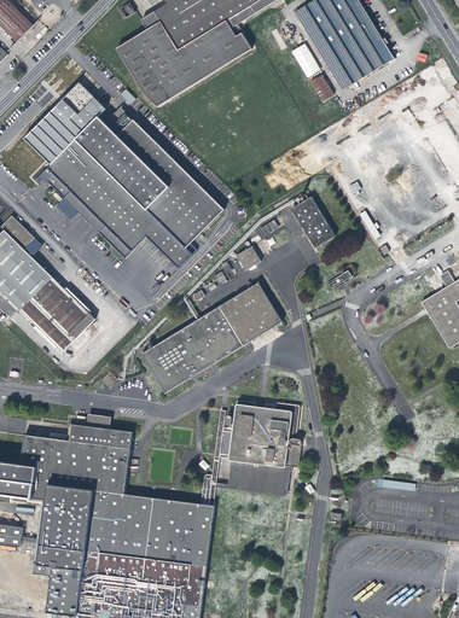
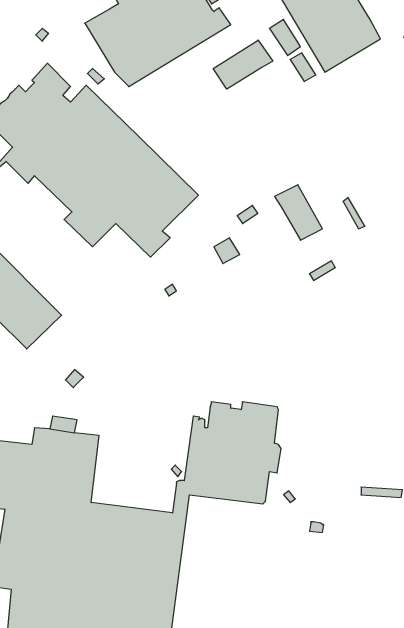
building: none -> [213,40,273,89]
building: [140,284,281,391] -> none

